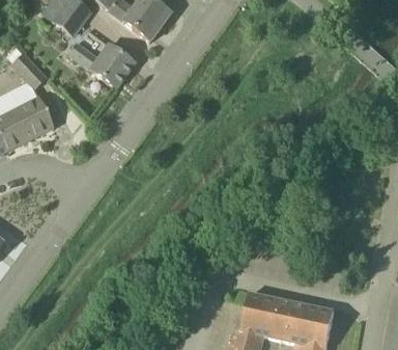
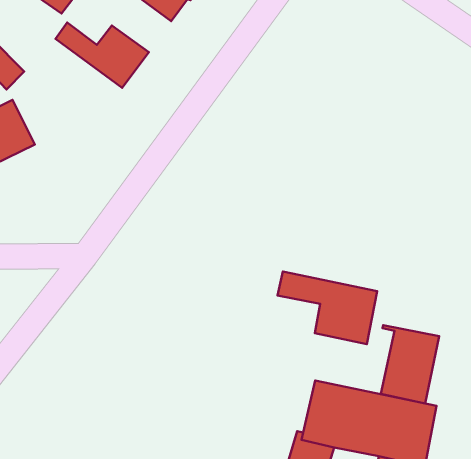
building: none -> [278,272,377,344]
building: none -> [381,325,439,403]

